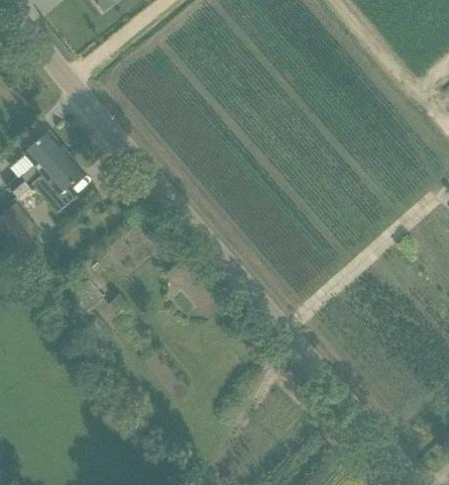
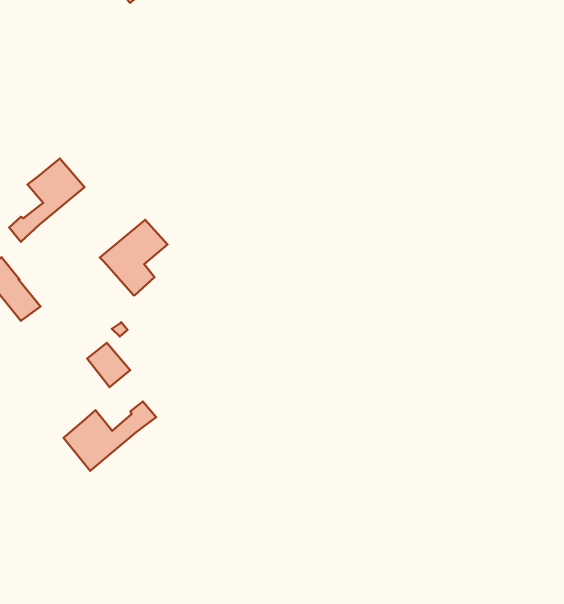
building: [33,152,86,210] -> [100,220,167,295]
building: none -> [64,401,156,471]

